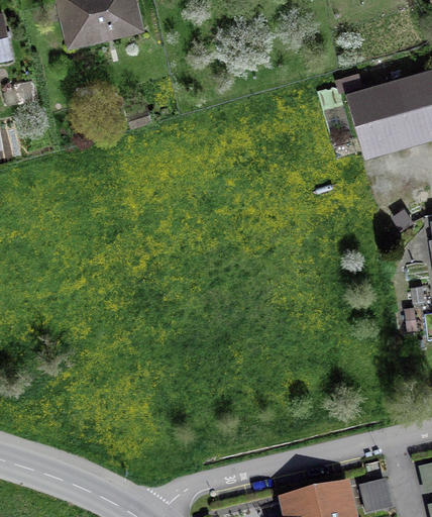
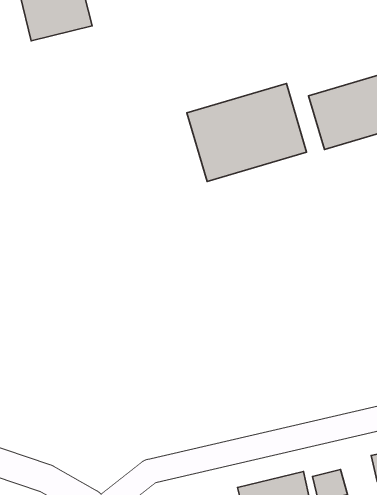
building: none -> [187,84,307,181]

